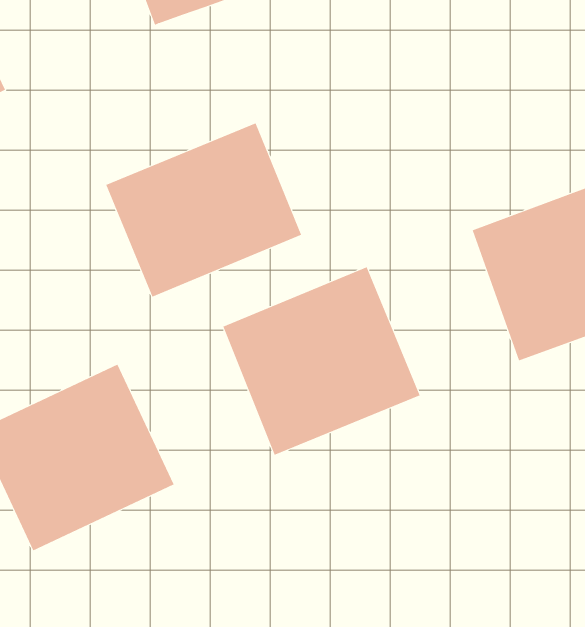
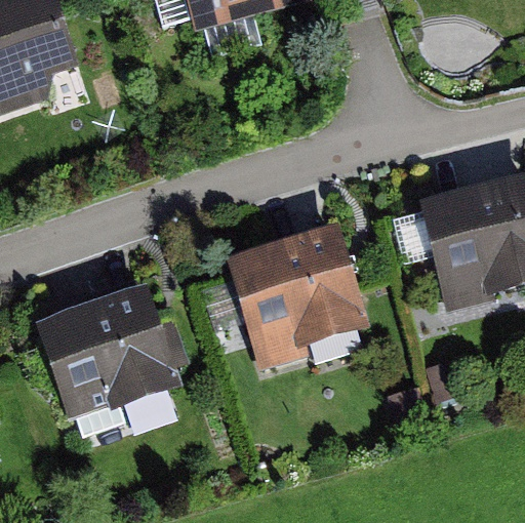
building: [106,123,302,298] -> none

